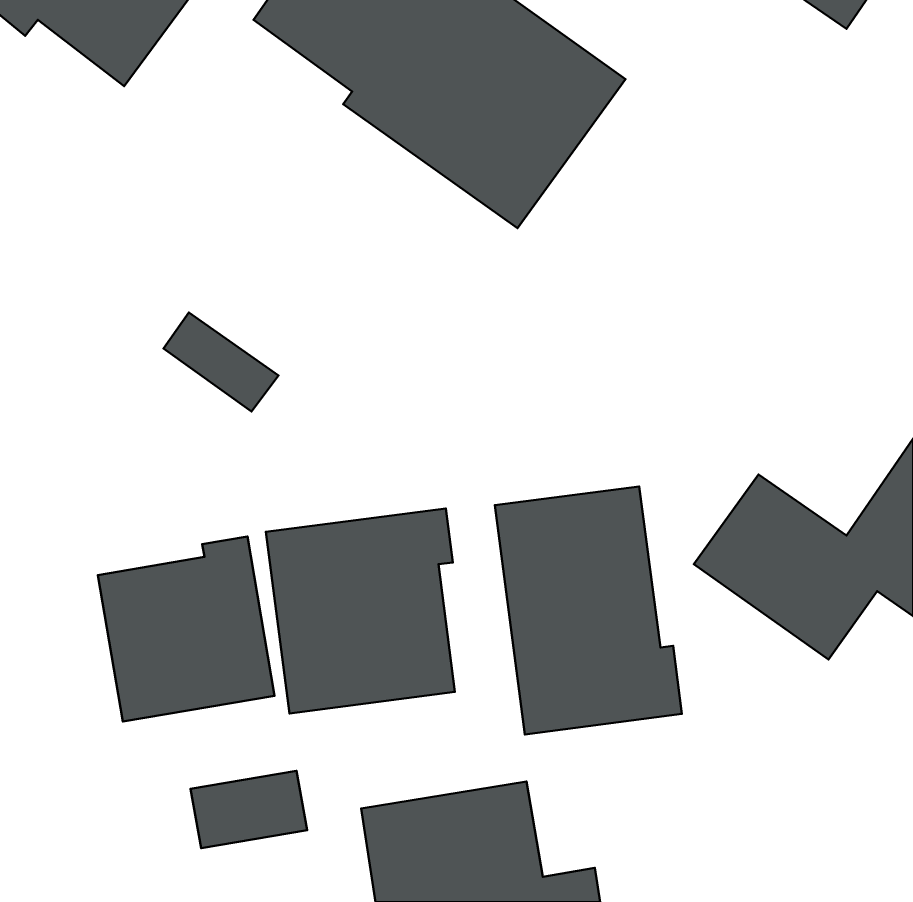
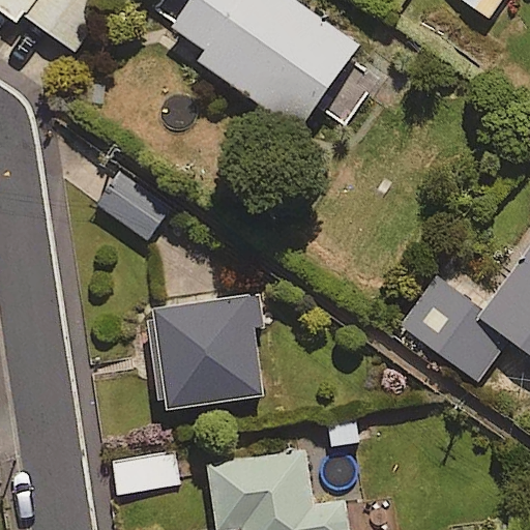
building: [495,487,682,734] -> none
building: [98,537,274,722] -> none

